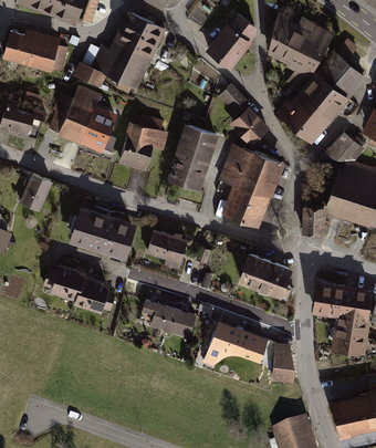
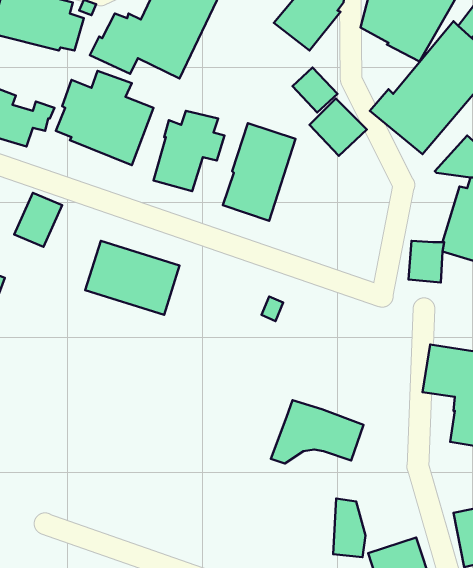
building: [219,144,285,229] -> none
building: [146,230,188,270] -> none
building: [239,252,294,299] -> none
building: [51,264,116,312] -> none
building: [142,299,197,338] -> none
building: [273,342,296,384] -> [333,498,365,557]

